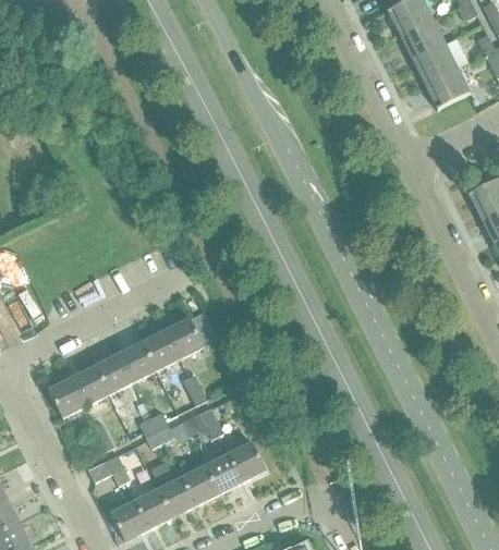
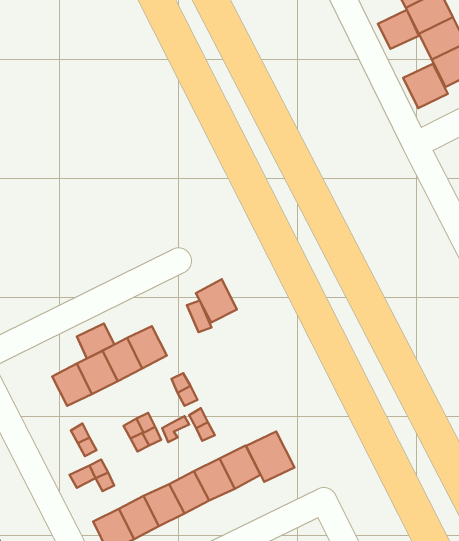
building: none -> [378,10,419,49]
building: none -> [403,64,448,108]
building: [165,318,203,358] -> [196,279,237,323]
building: none -> [77,324,114,358]
building: [48,378,86,417] -> none
building: none -> [246,431,294,482]

